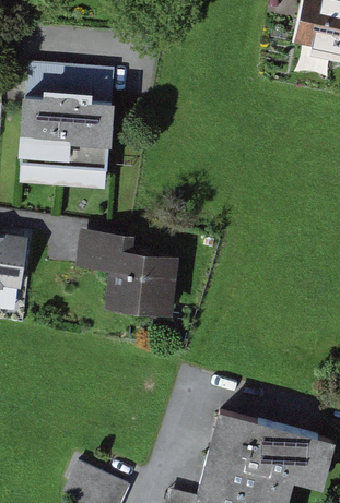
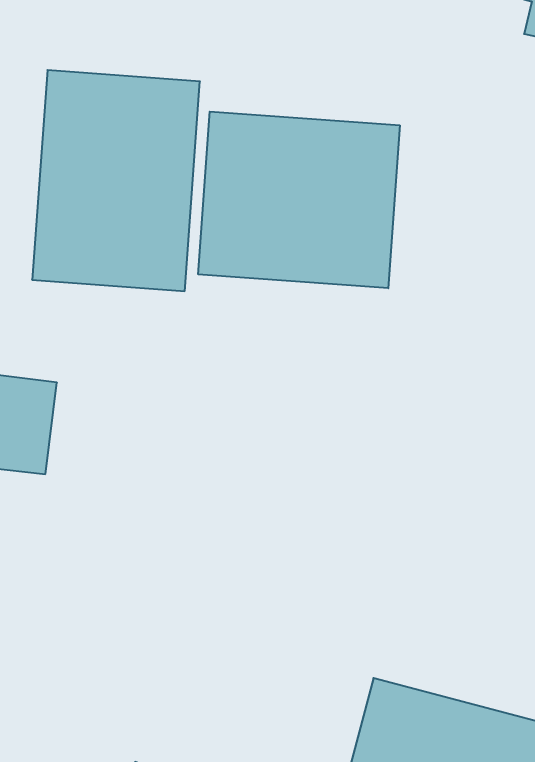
building: none -> [198,112,400,288]
building: [79,230,186,322] -> none

